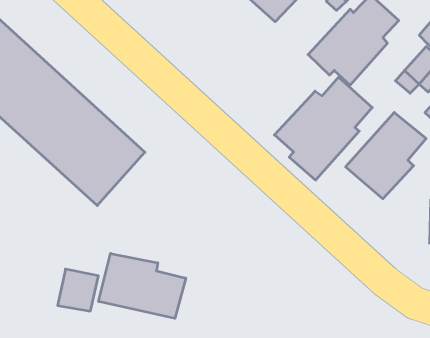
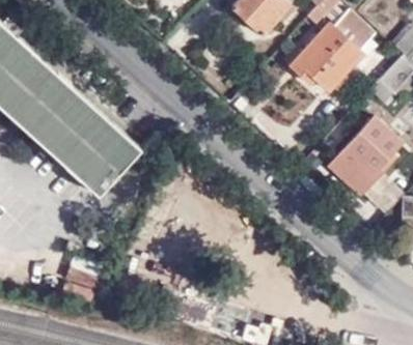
building: [274,77,372,180] -> none
building: [99,253,186,318] -> none

